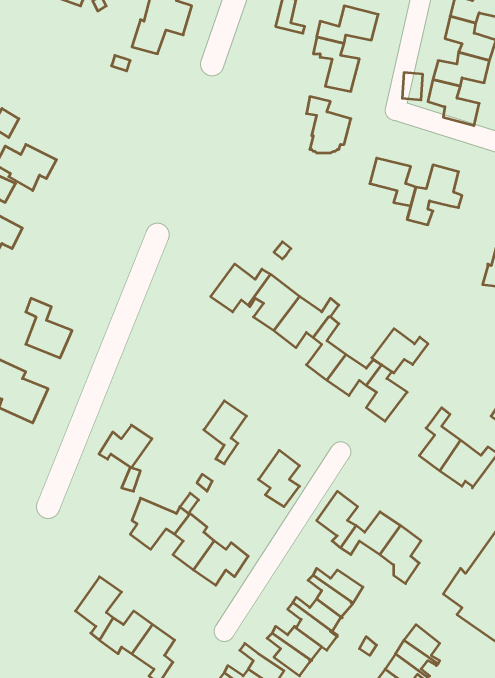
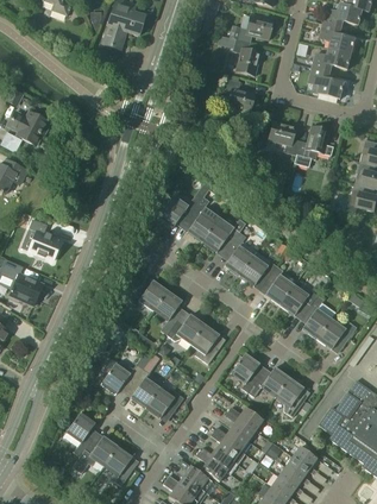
building: [372,329,428,373] -> [278,284,318,315]
building: [99,425,152,468] -> [130,281,166,310]
building: none -> [166,314,205,345]

